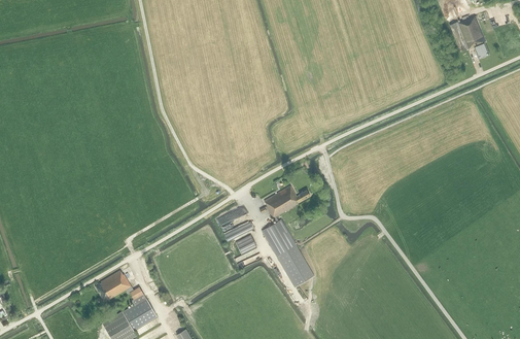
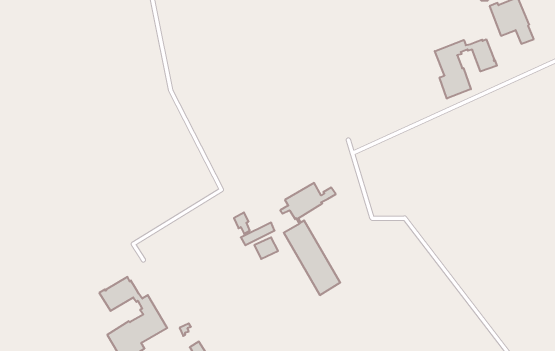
building: none -> [435,39,497,99]

